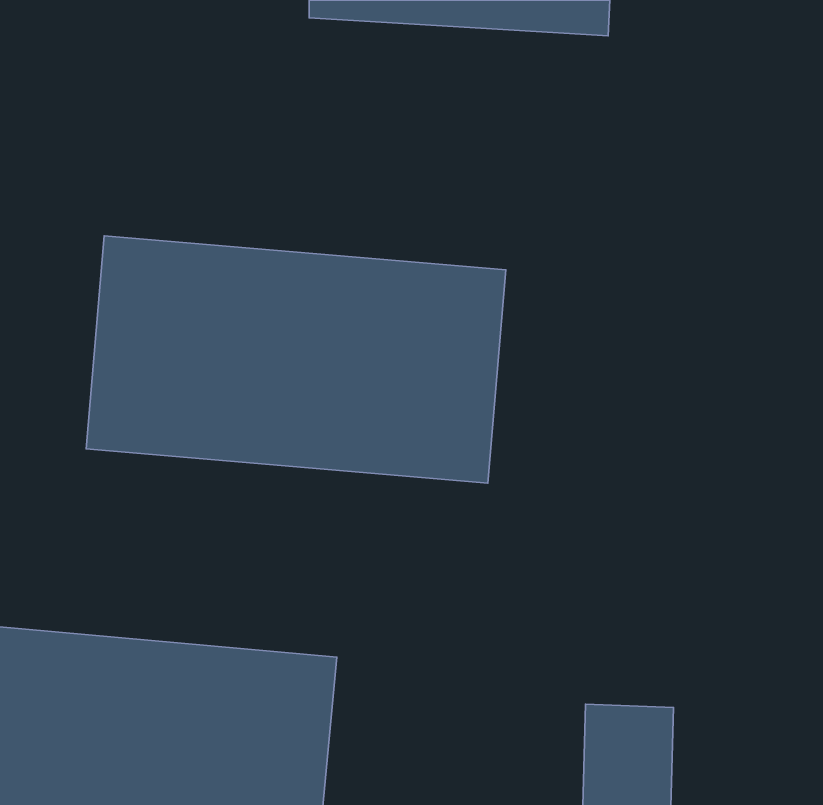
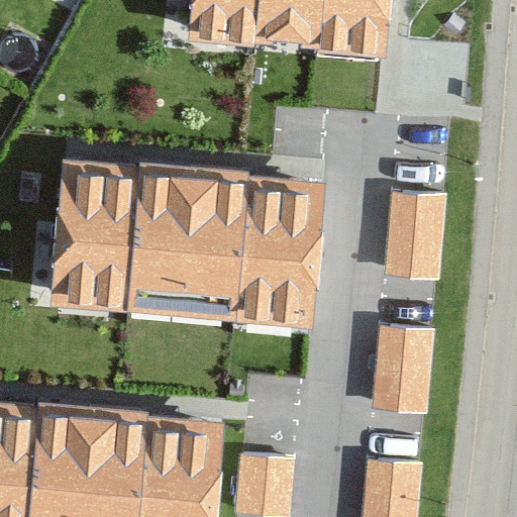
building: none -> [387,185,444,268]
building: none -> [374,319,432,410]
building: none -> [237,449,292,508]

